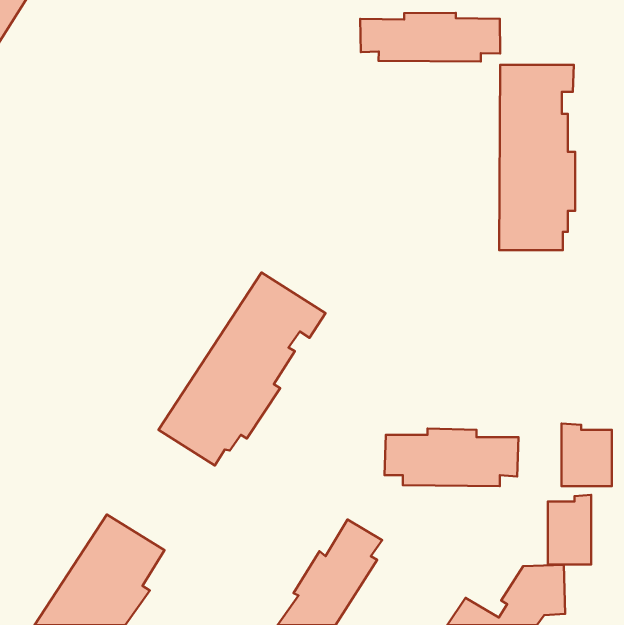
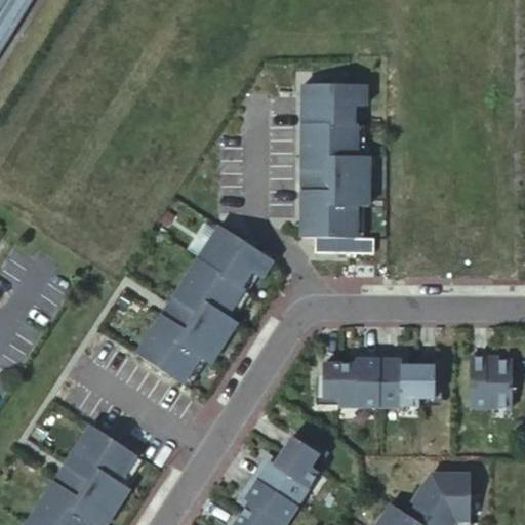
building: [360,13,500,61] -> none
building: [499,65,575,250] -> [302,88,366,243]
building: [548,495,591,565] -> none

